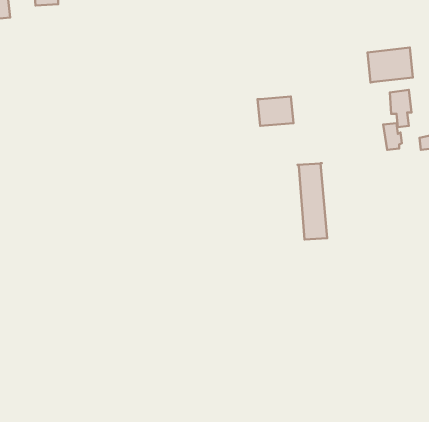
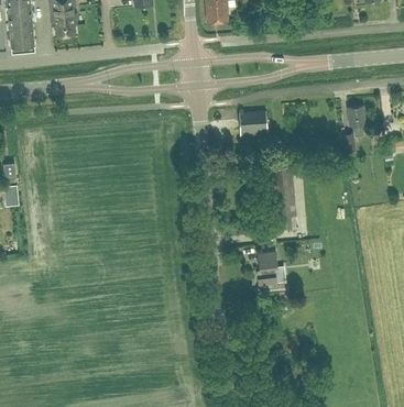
building: [368,48,413,83] -> none
building: none -> [256,252,277,287]

